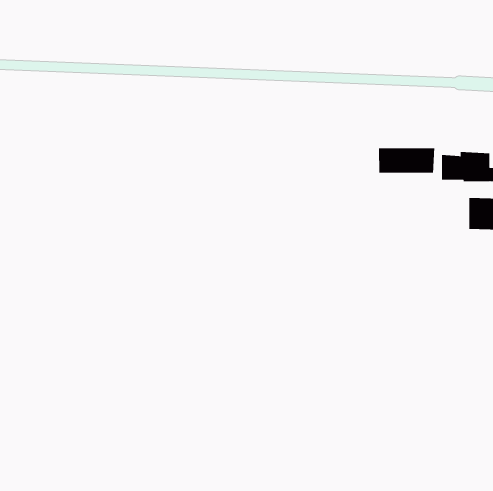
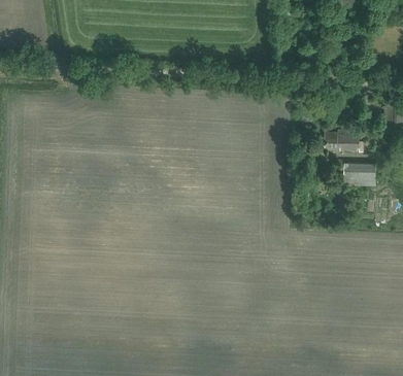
building: [378,147,435,173] -> none

